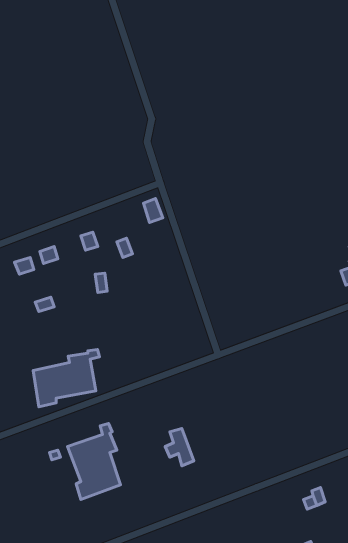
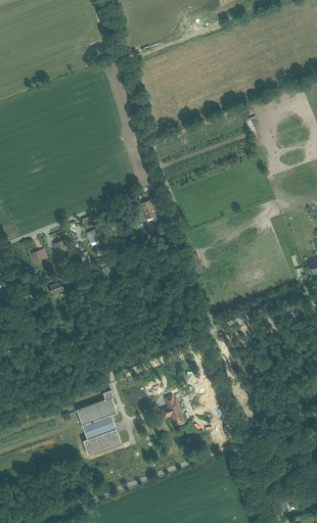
building: [33,349,99,407] -> none

